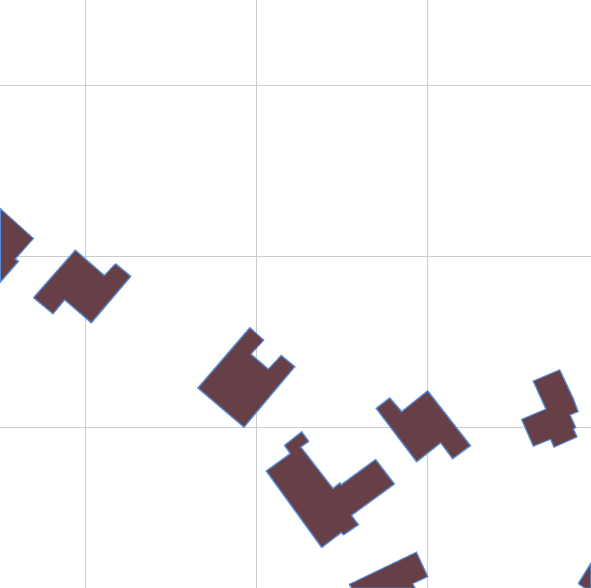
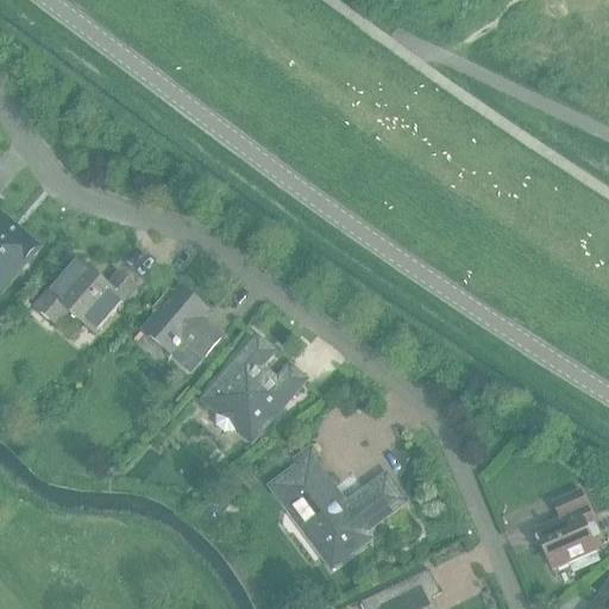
building: none -> [147,284,221,357]
building: [522,370,578,447] -> [540,489,598,569]
building: [376,391,471,462] -> none

